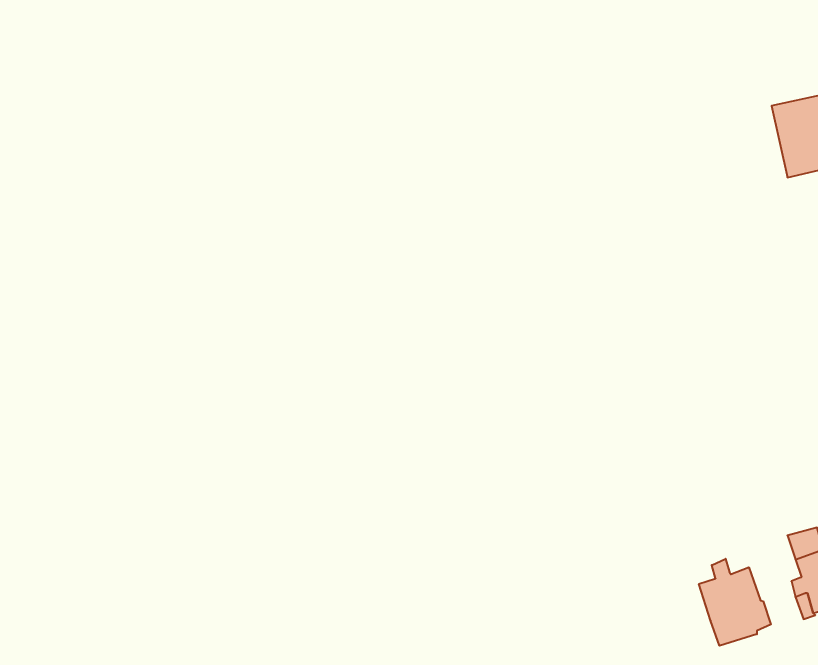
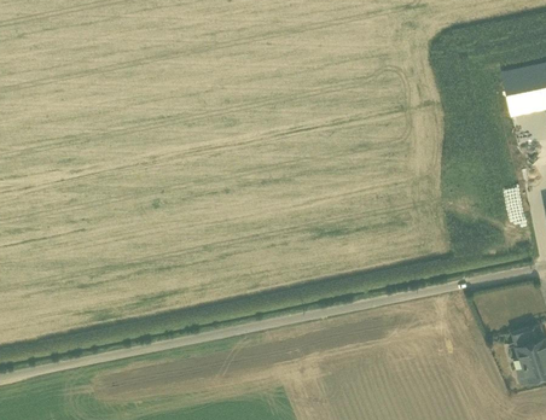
building: [699,559,771,646] -> none

